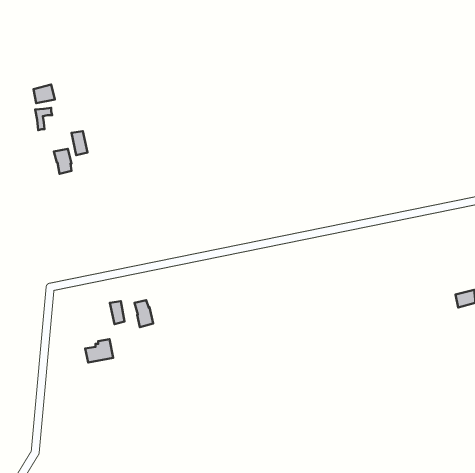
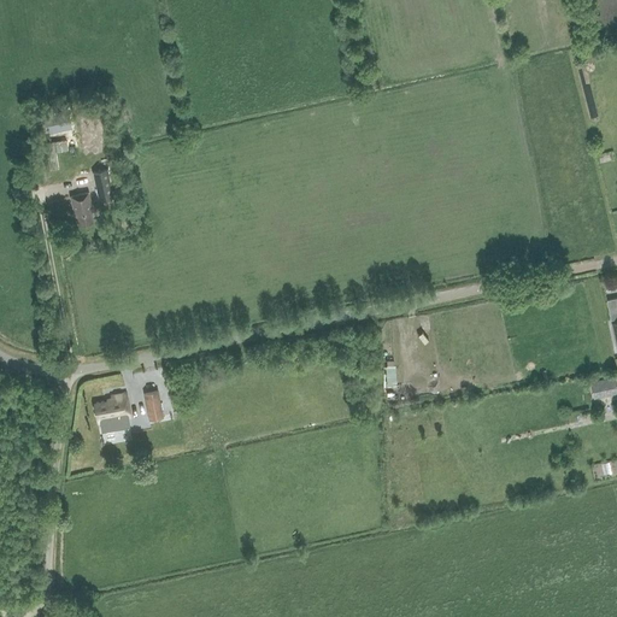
building: [134,300,153,327] -> none
building: [85,339,113,362] -> [94,395,130,425]

